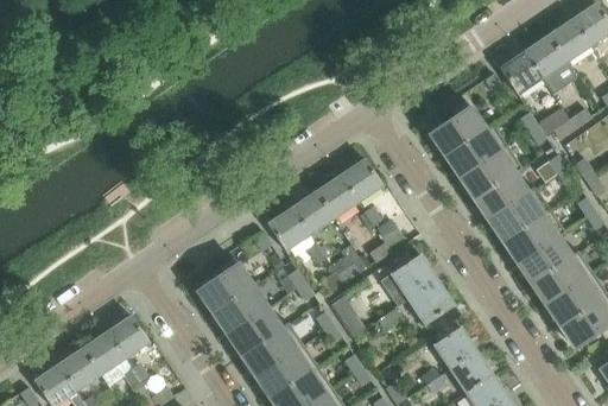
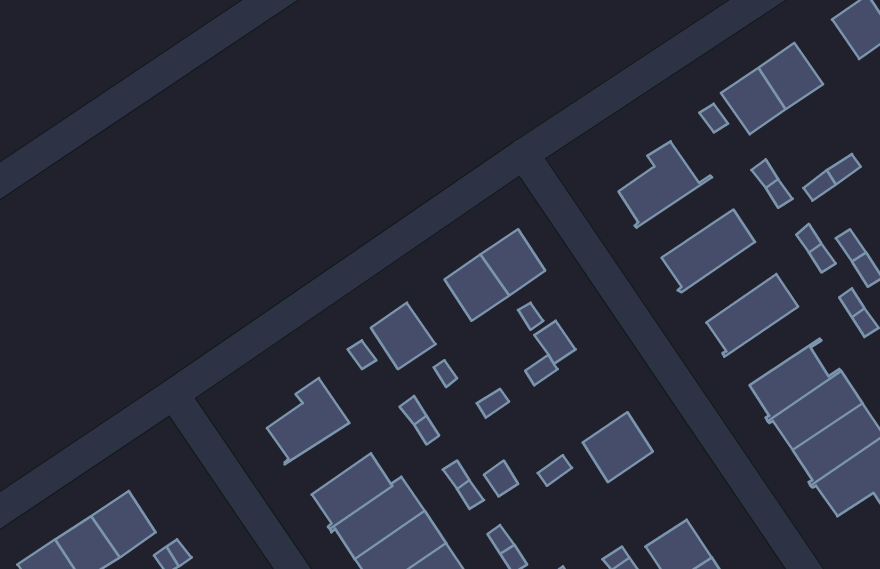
building: [547,19,590,62] -> none
building: [443,123,507,177] -> none
building: [473,166,536,220] -> none
building: [291,191,334,234] -> none
building: [501,209,564,261] -> none
building: [380,254,437,306] -> none
building: [210,286,267,334] -> none
building: [107,315,150,359] -> none
building: [432,326,476,368] -> none

